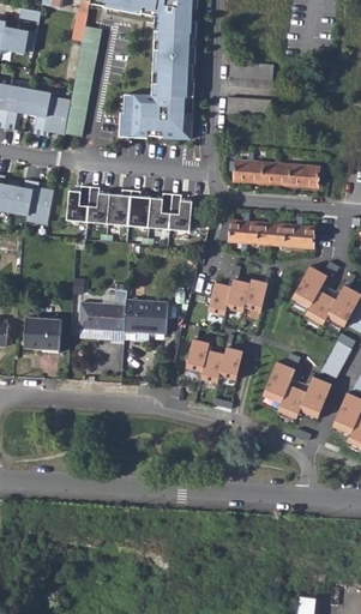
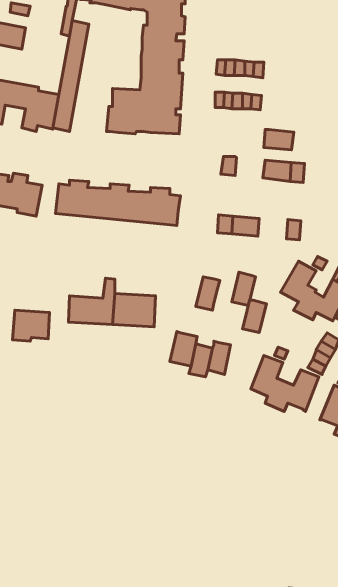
building: [247,163,277,183] -> [264,130,294,150]
building: [270,224,300,245] -> none
building: [225,281,249,313] -> [243,300,266,332]

